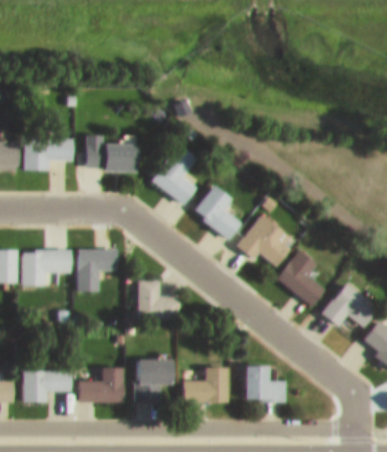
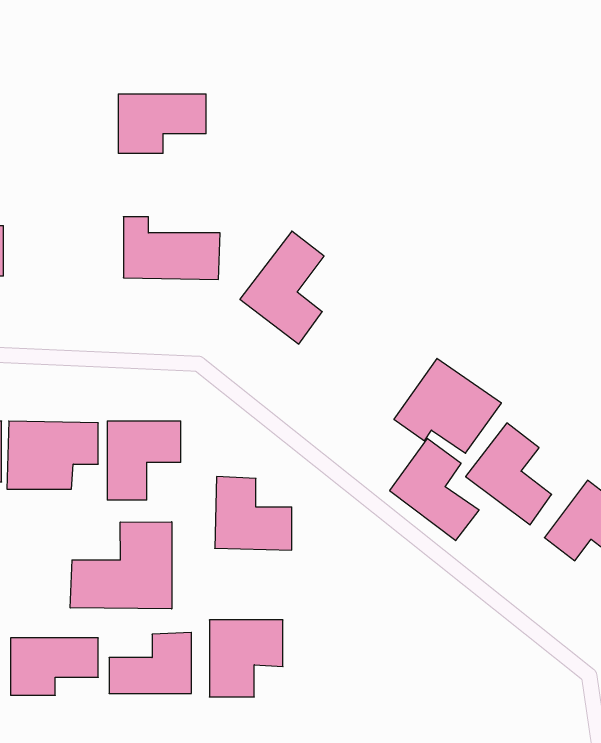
building: [22,138,71,171] -> [118,94,206,153]
building: [192,184,242,241] -> [390,438,479,541]
building: none -> [70,522,172,609]
building: [246,366,285,402] -> none
building: [182,368,228,403] -> none

